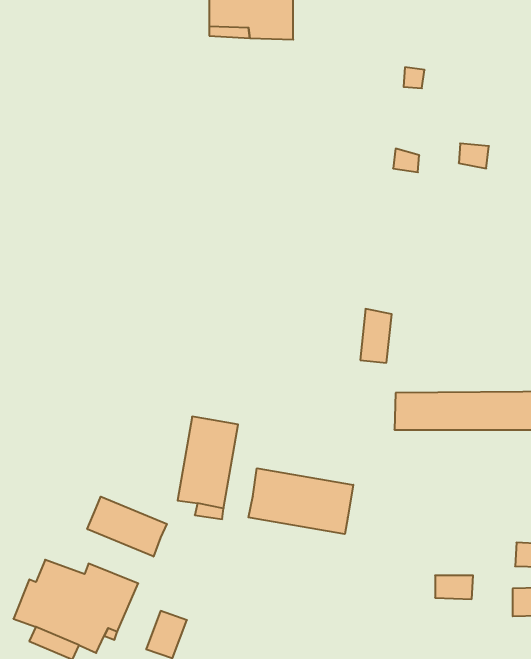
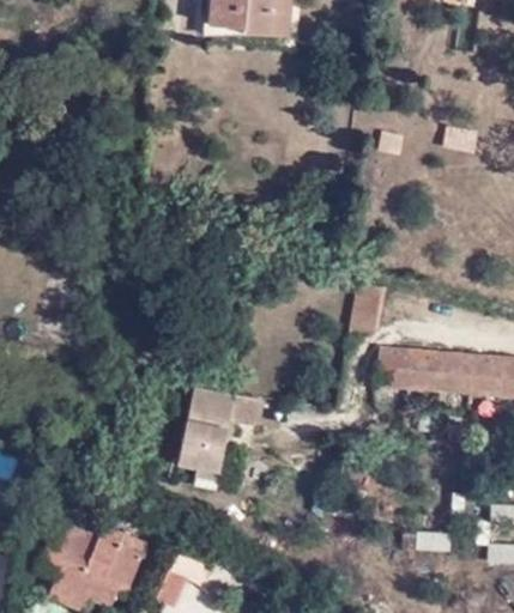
building: [248,468,353,534] -> none
building: [87,497,167,557] -> none

